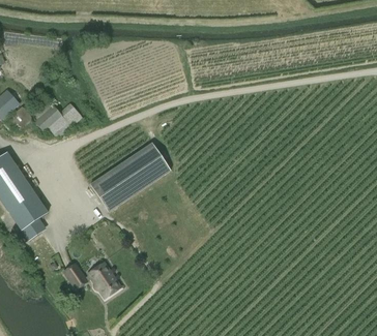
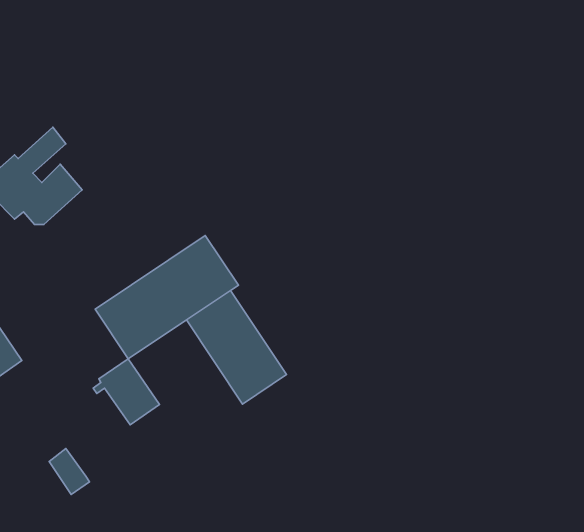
building: none -> [186,290,287,404]
building: [84,261,121,298] -> [93,359,159,425]

